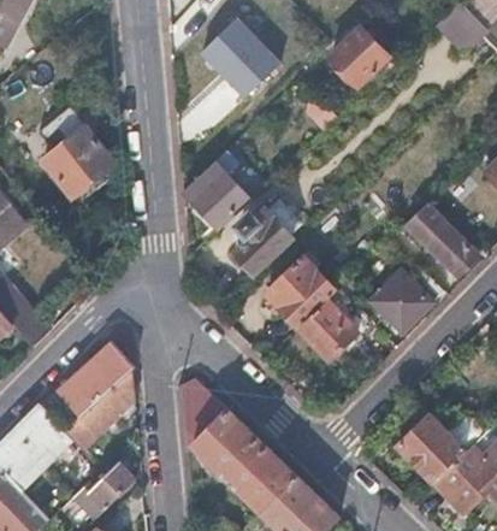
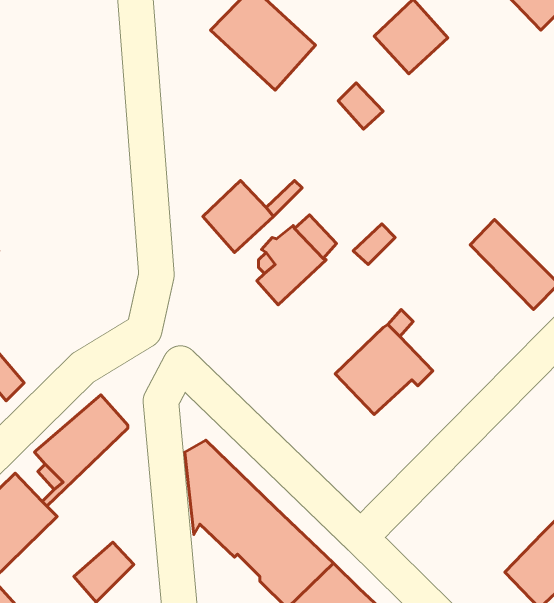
building: [37,107,113,196] -> none
building: [265,255,336,326] -> none
building: [371,266,442,331] -> none
building: [66,370,135,450] -> none
building: [397,418,463,485] -> none

